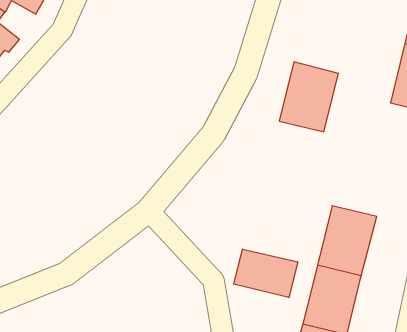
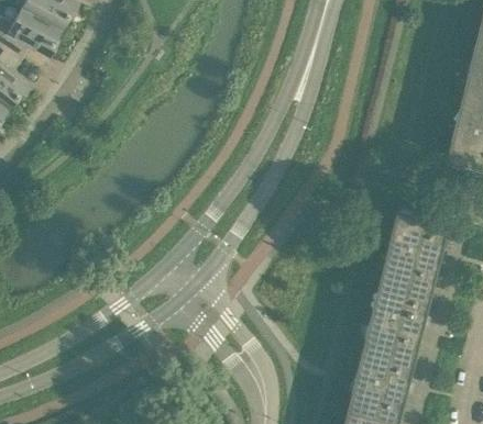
building: [279,62,339,132] -> [383,207,450,286]
building: [234,249,298,298] -> none

